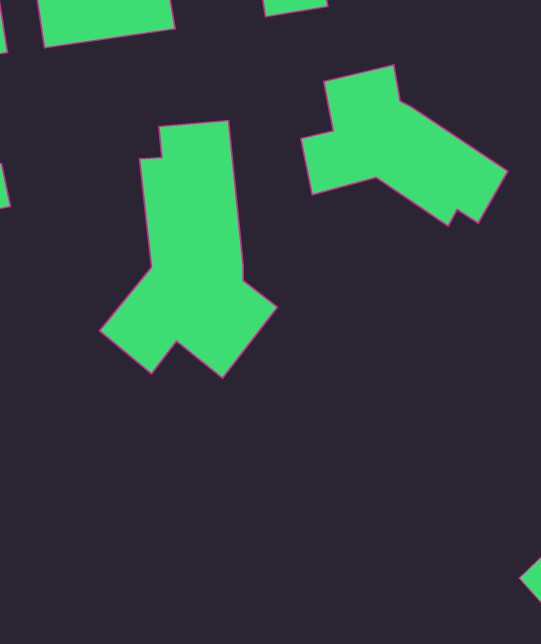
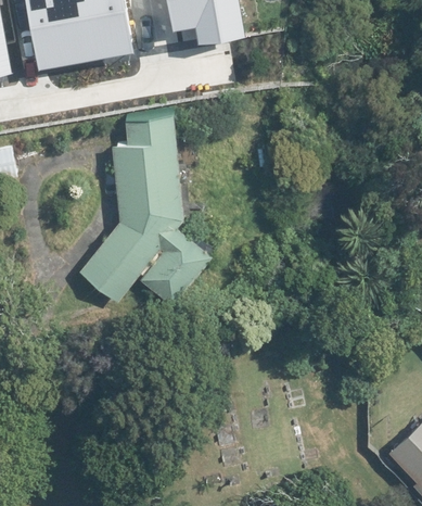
building: [301,65,508,226] -> none

